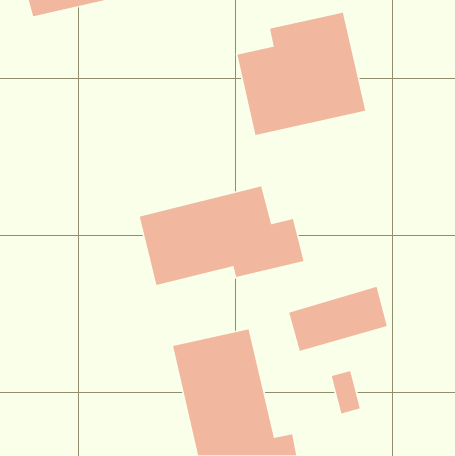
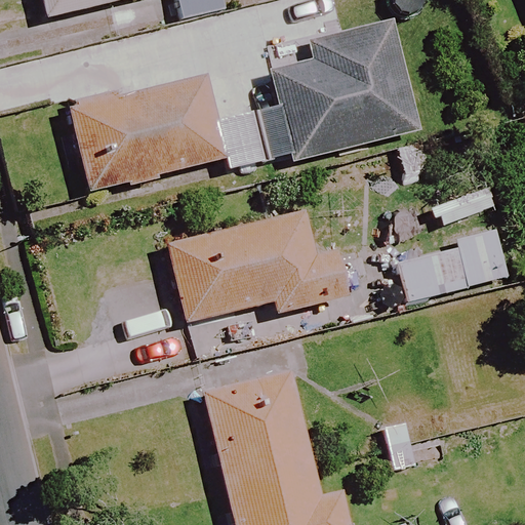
building: none -> [67,75,250,194]
building: [288,286,388,352] -> [396,229,509,304]

